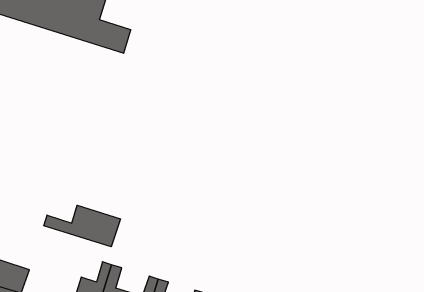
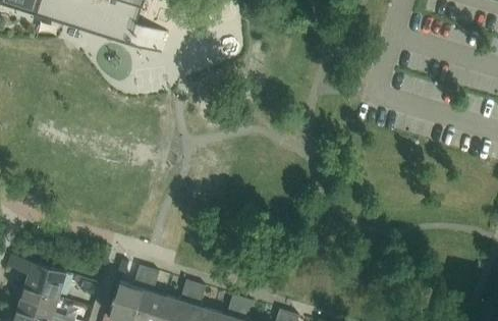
building: [44,205,120,247] -> none

